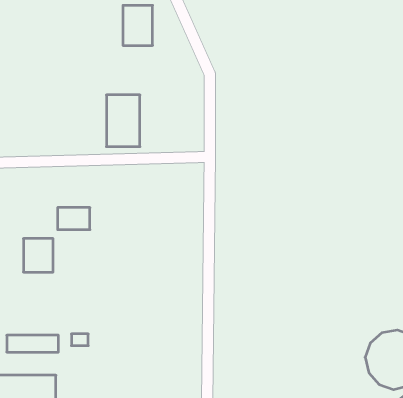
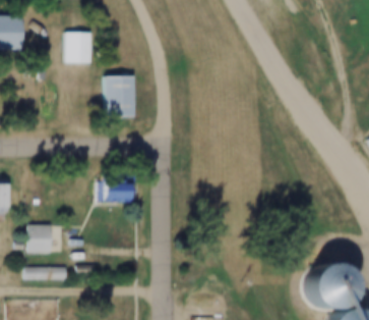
building: [123,5,153,45] -> [65,34,88,65]
building: [58,208,90,230] -> [100,184,125,202]
building: [23,239,53,272] -> [26,225,50,252]

